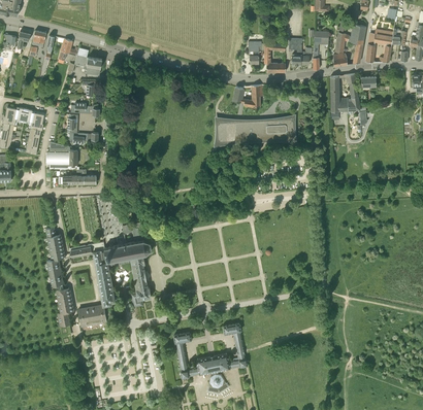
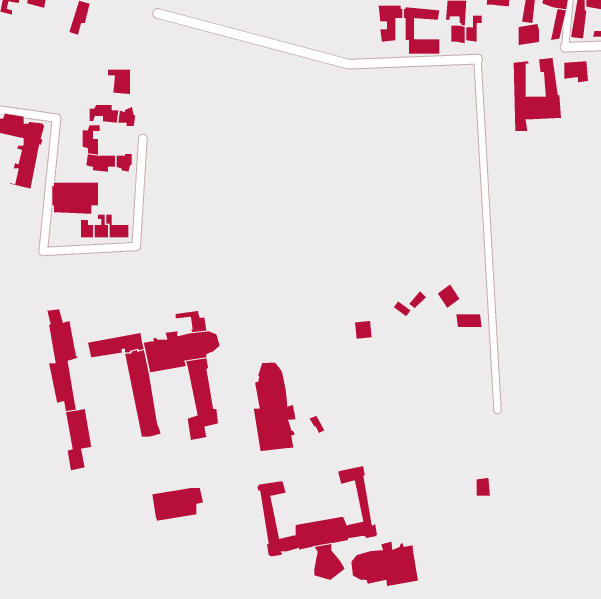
building: [74,47,102,74] -> none
building: [232,84,263,106] -> none
building: [217,119,294,141] -> none
building: none -> [253,362,296,452]
building: [78,305,110,326] -> [151,487,204,521]
building: none -> [351,541,418,587]

